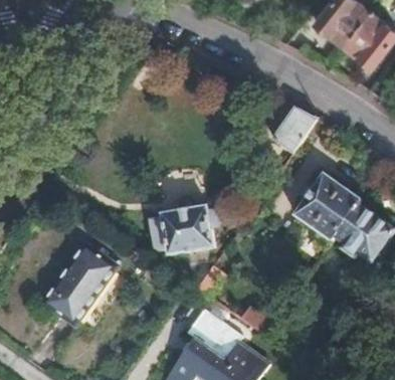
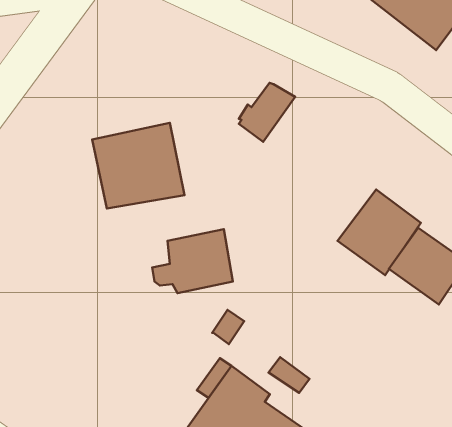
building: [273,108,318,154] -> [239,83,295,142]
building: none -> [92,123,185,208]
building: [43,243,116,324] -> none

